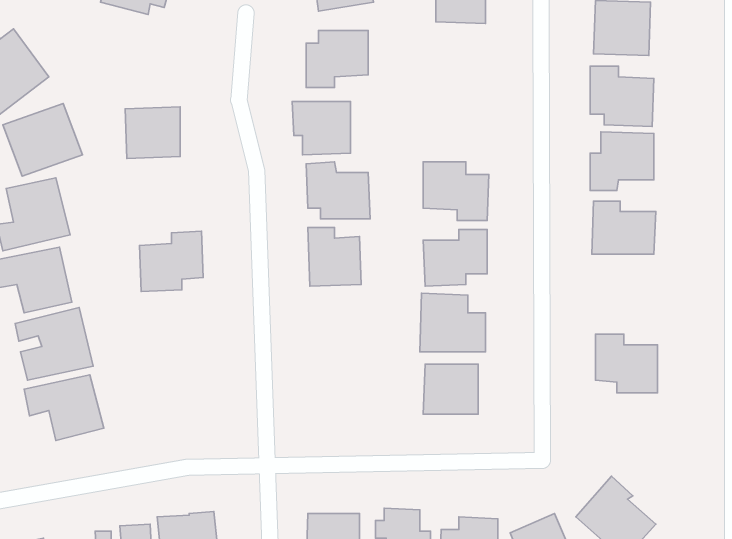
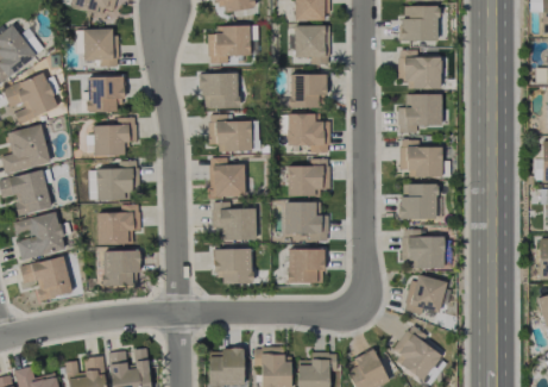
building: none -> [294,25,329,63]
building: none -> [83,27,116,67]
building: none -> [290,74,326,107]
building: none -> [93,117,137,156]
building: none -> [399,183,437,219]
building: none -> [212,201,256,239]
building: none -> [96,204,140,244]
building: none -> [213,248,252,283]
building: none -> [102,250,140,286]
building: none -> [404,273,446,317]

